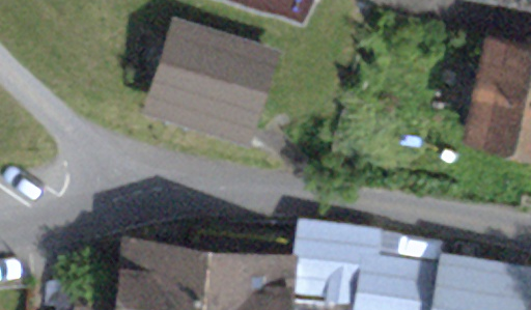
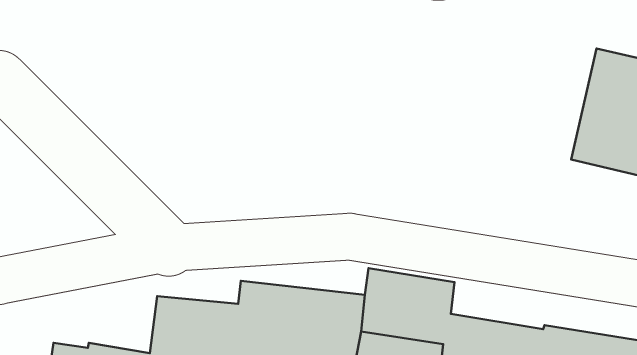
building: [162,27,276,122] -> none

